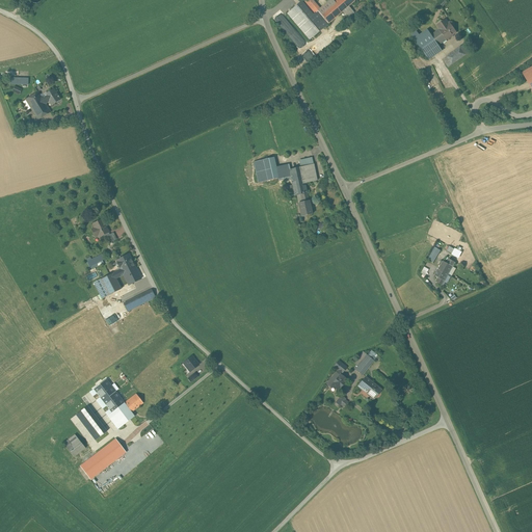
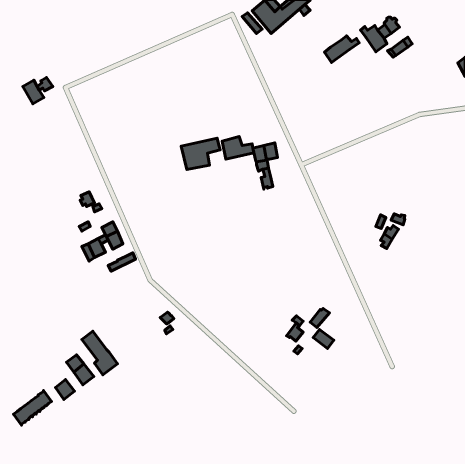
building: none -> [325,36,359,63]
building: none -> [181,138,220,169]
building: [81,438,125,478] -> [13,390,52,425]

